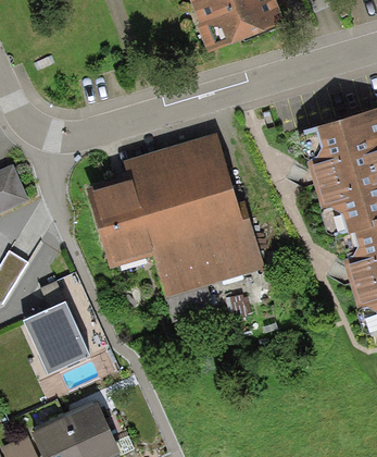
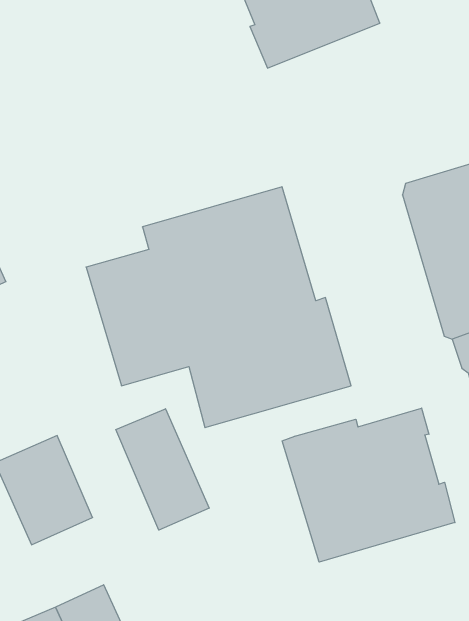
building: none -> [282,408,455,562]
building: none -> [116,409,209,530]

